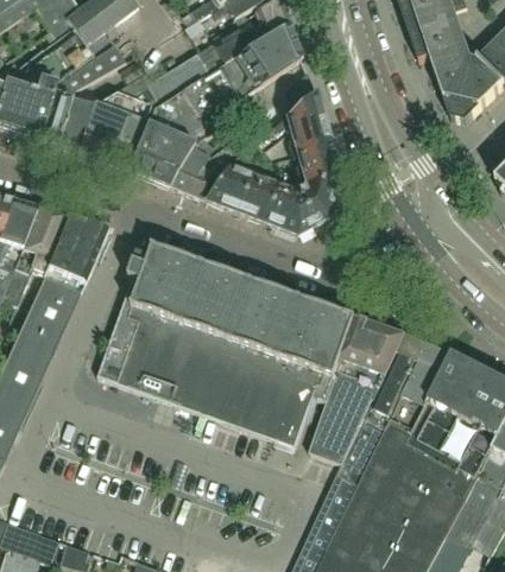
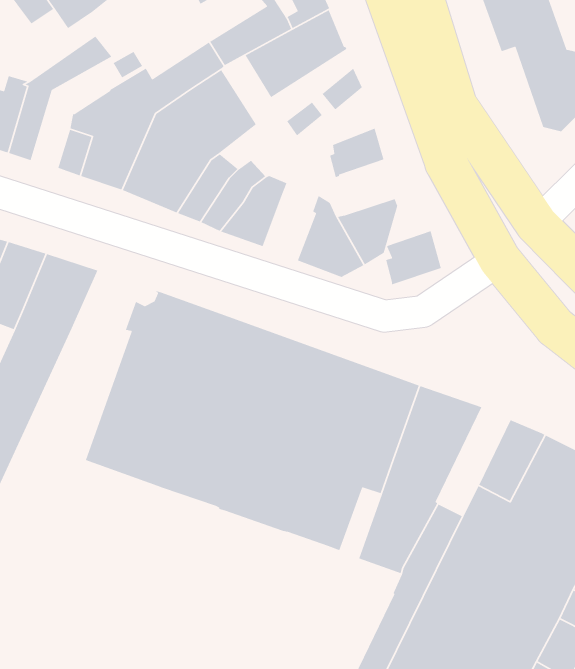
building: [272,90,323,133] -> none
building: [57,101,89,150] -> none
building: [295,142,339,185] -> [385,230,442,286]
building: [236,172,277,221] -> none
building: [371,333,428,418] -> none

